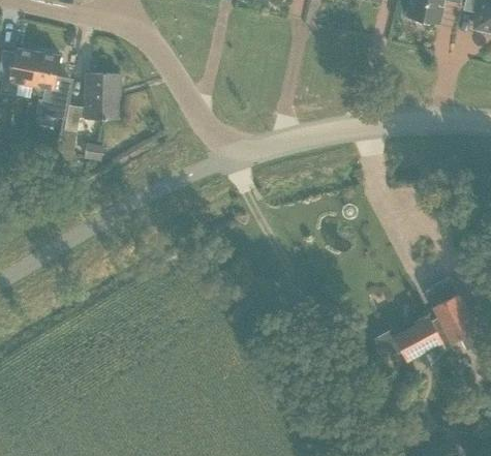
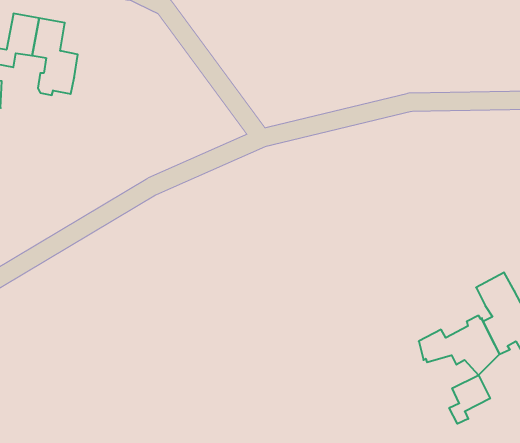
building: [63,73,119,132] -> none
building: none -> [449,375,490,424]

